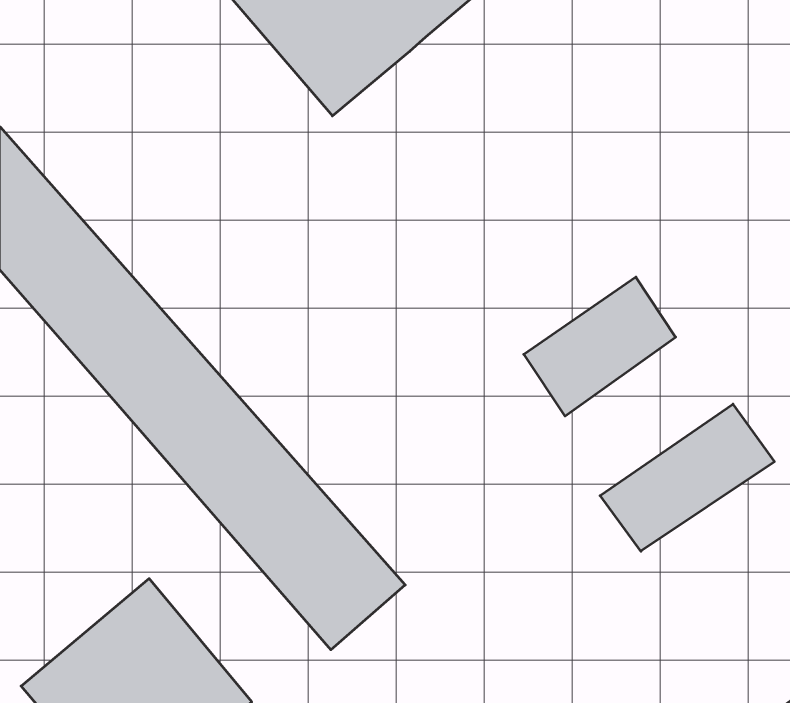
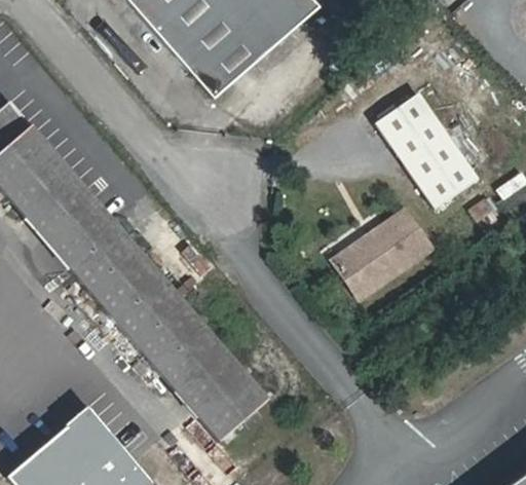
building: none -> [380,84,488,206]
building: [600,404,774,551] -> none

